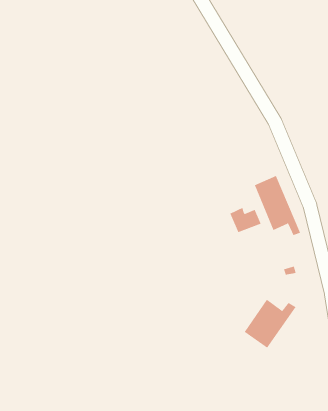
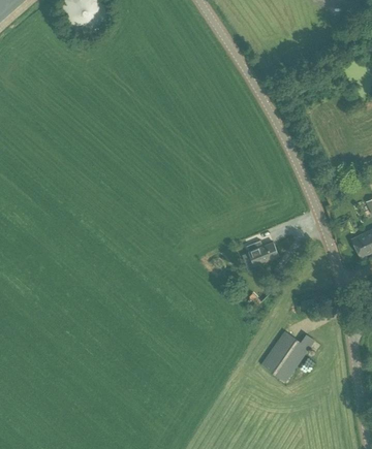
building: [254,175,301,236] -> none

